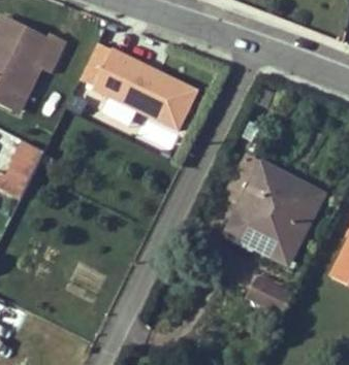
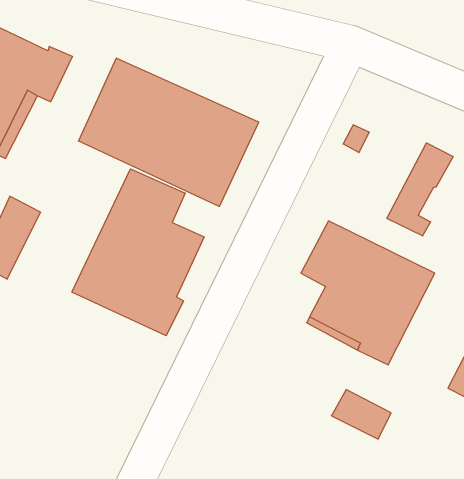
building: none -> [387,143,453,236]
building: none -> [72,169,204,336]

